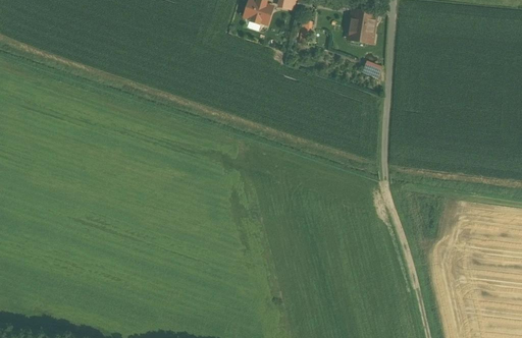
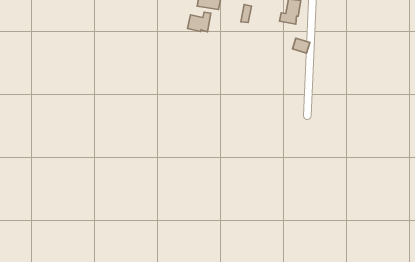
building: none -> [187,12,211,32]

